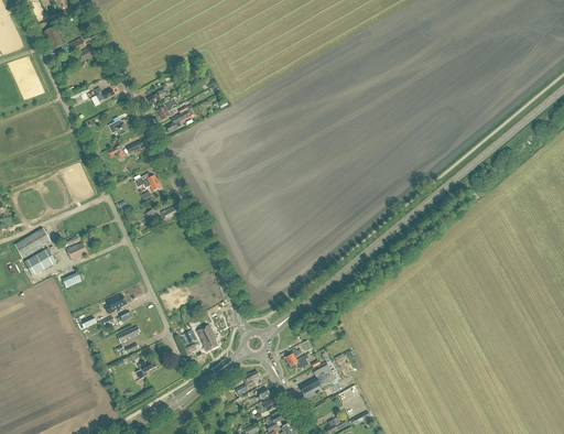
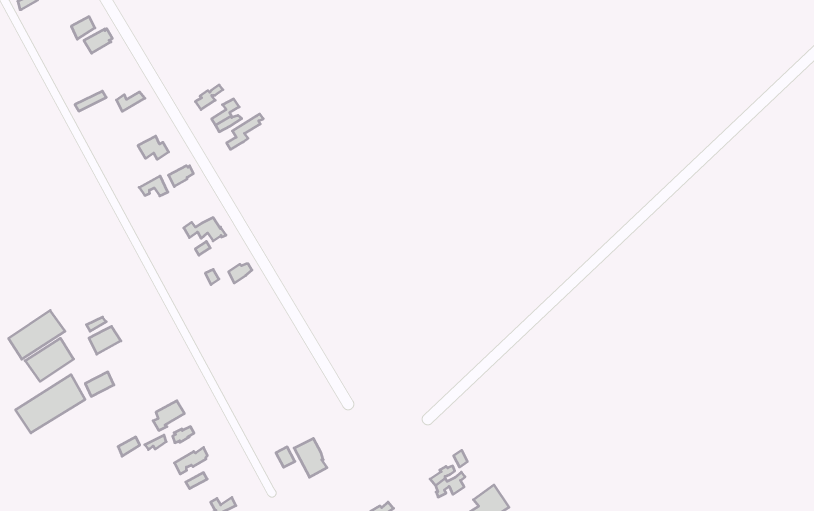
building: none -> [16,375,85,433]

